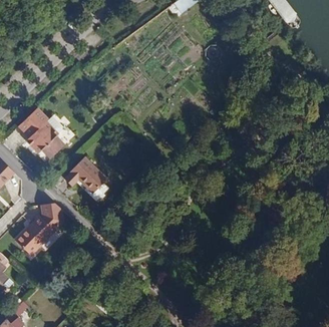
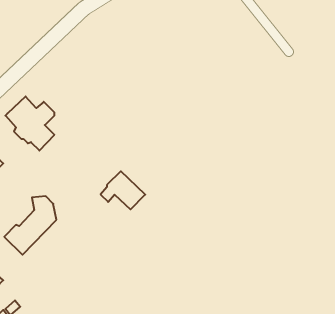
building: [64,157,106,194] -> [101,171,145,209]

